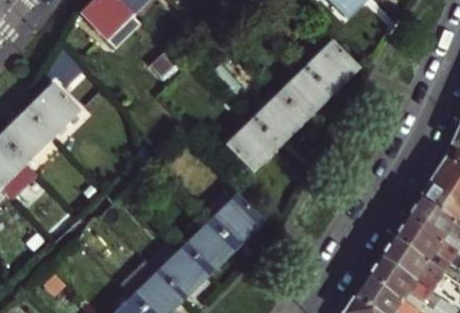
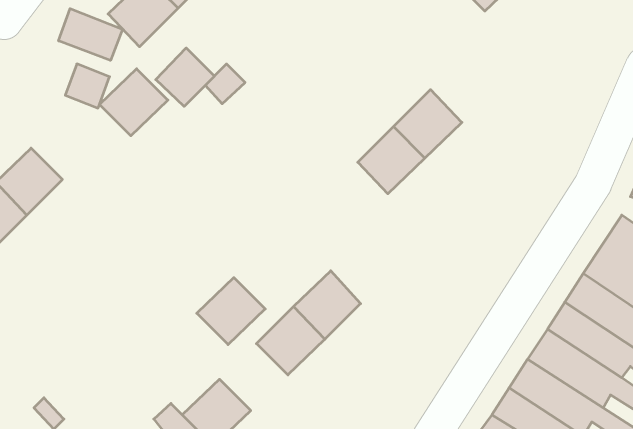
building: none -> [59,9,123,60]
building: none -> [156,48,214,106]
building: [310,45,357,92] -> none
building: [29,85,77,132] -> [99,69,168,136]
building: [231,120,280,170] -> none
building: [161,248,209,295] -> [197,278,265,345]

